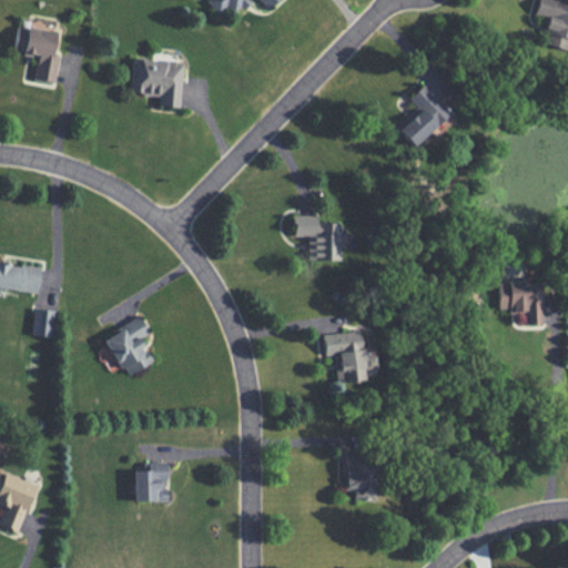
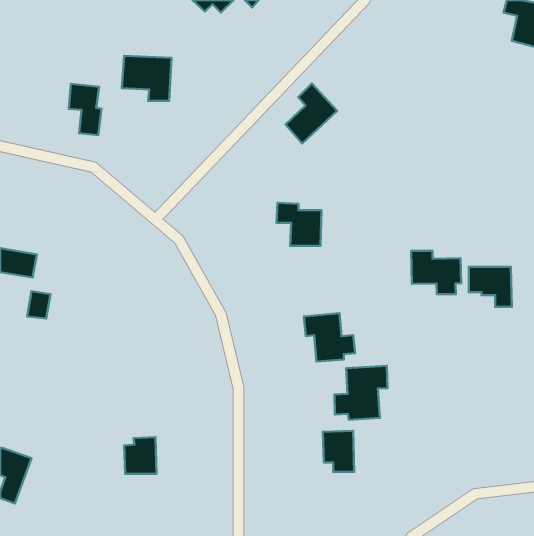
building: [26,29,60,83] -> [69,84,101,135]
building: [396,84,450,148] -> [285,84,337,143]
building: none -> [411,251,461,294]
building: [105,317,153,377] -> none
building: none -> [334,366,388,420]

